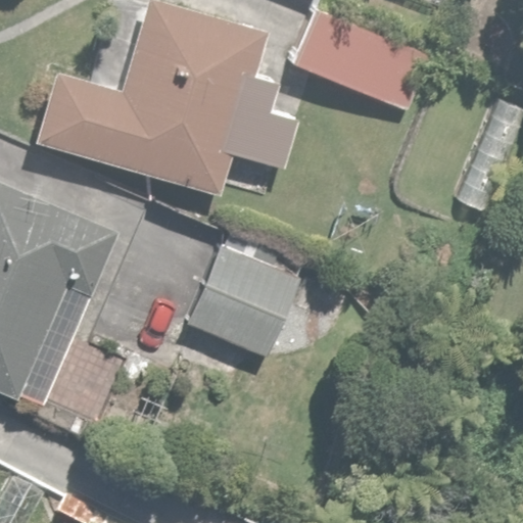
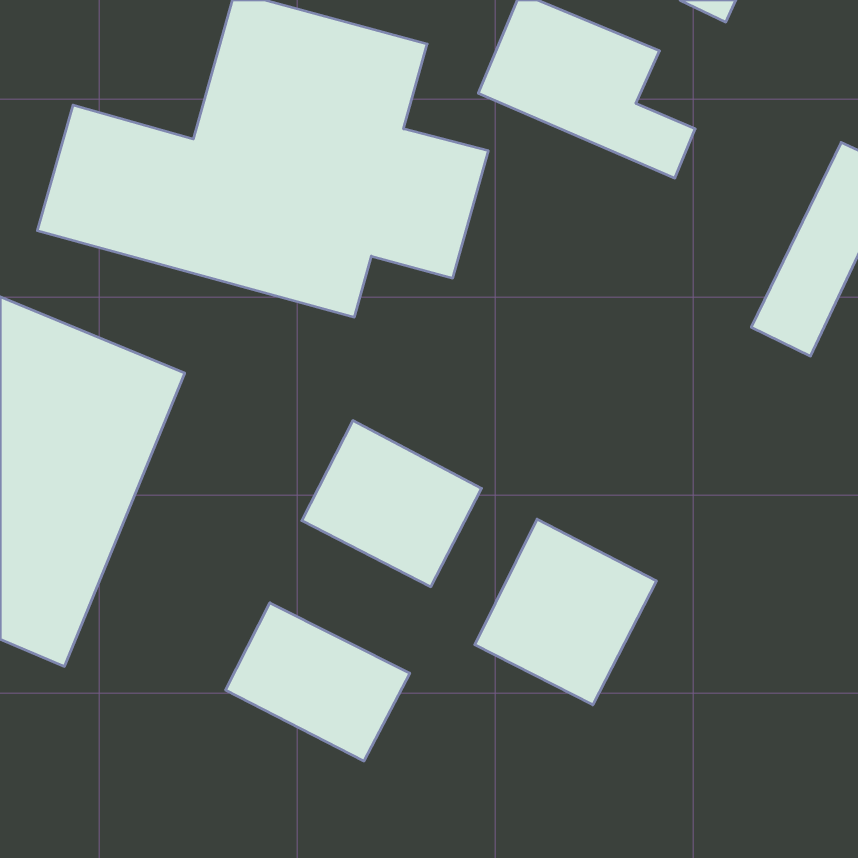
building: none -> [475,519,656,705]
building: none -> [226,603,410,761]

